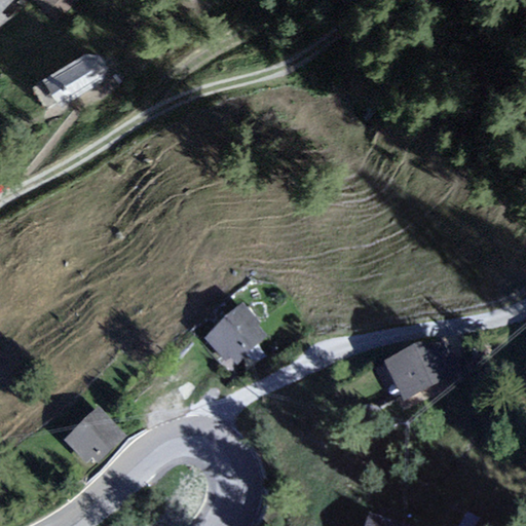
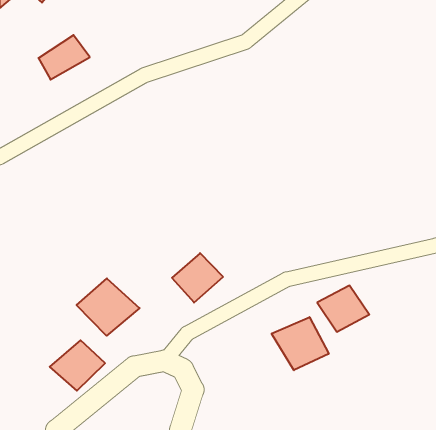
building: none -> [77,278,140,336]
building: none -> [272,317,329,370]

